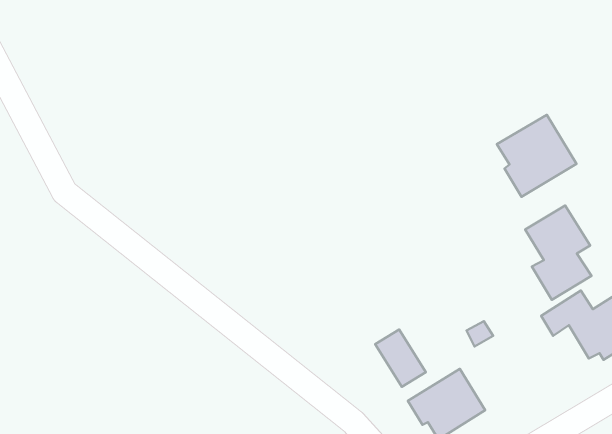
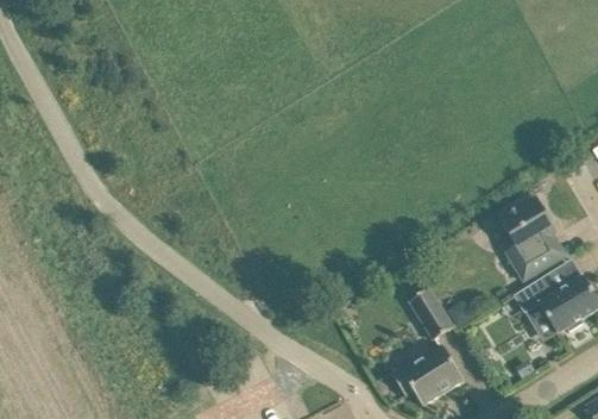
building: [497,115,576,197] -> none
building: [375,330,426,387] -> [408,288,453,339]

